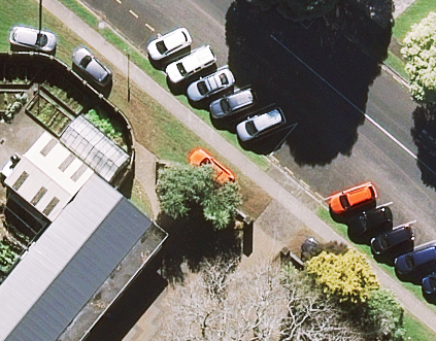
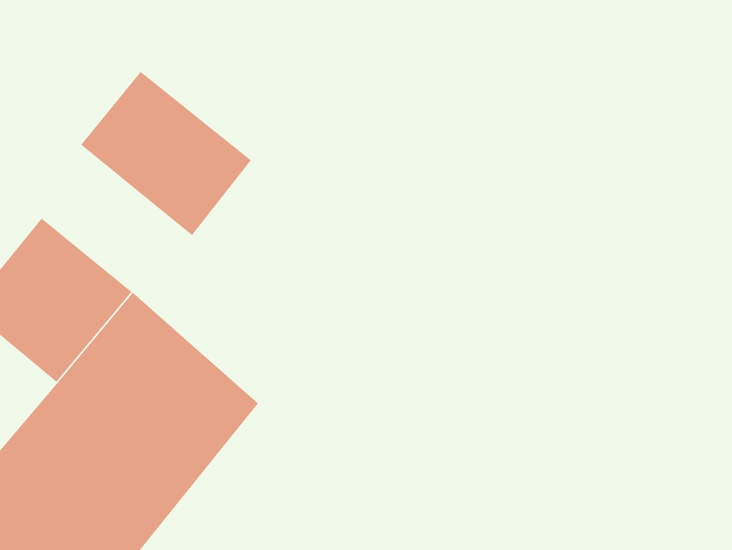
building: none -> [80,71,252,236]

